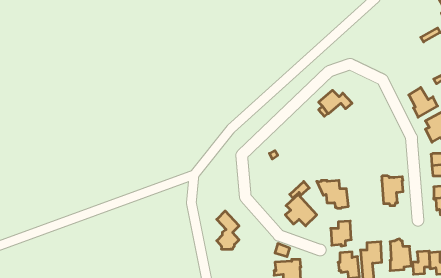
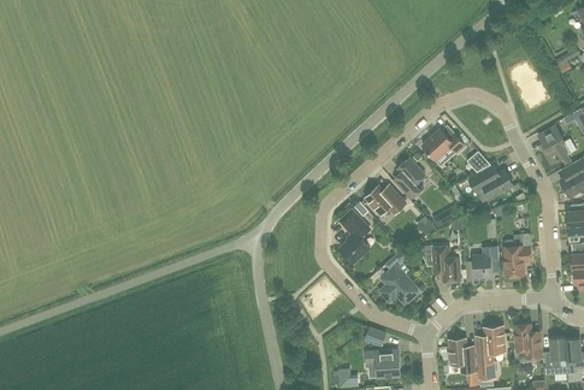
building: none -> [394,158,424,197]
building: none -> [468,165,513,197]
building: none -> [365,183,405,213]
building: [217,211,239,249] -> [340,209,368,259]
building: [331,221,351,246] -> [472,246,499,278]

